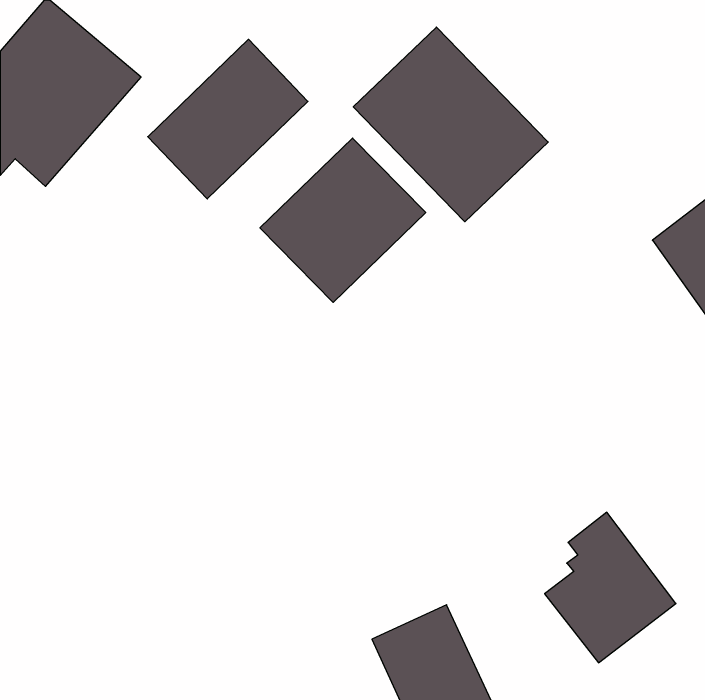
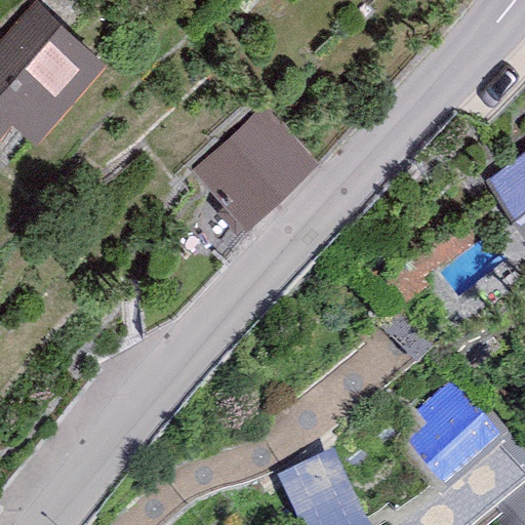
building: [353,27,548,222] -> none
building: [148,39,308,199] -> none

